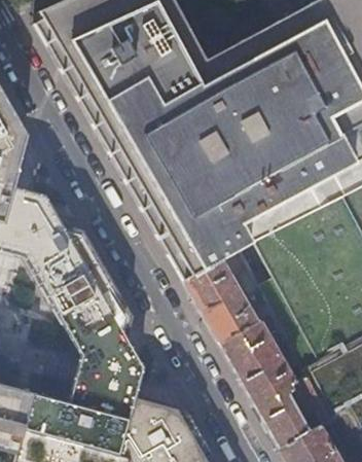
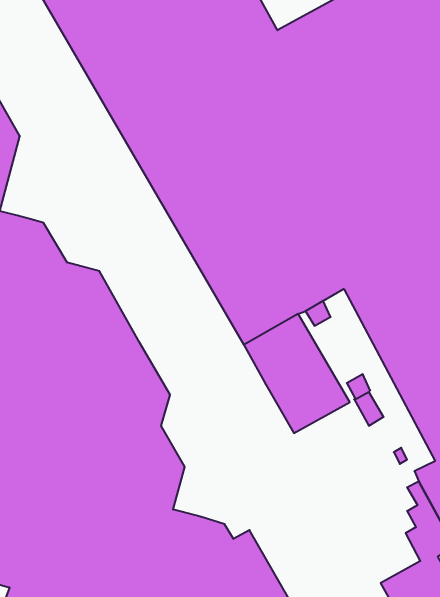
building: [224,324,313,451] -> none

